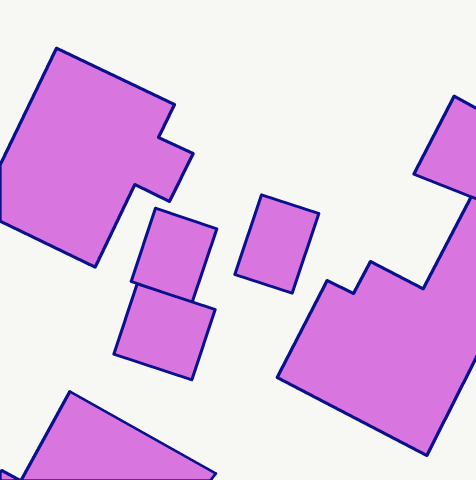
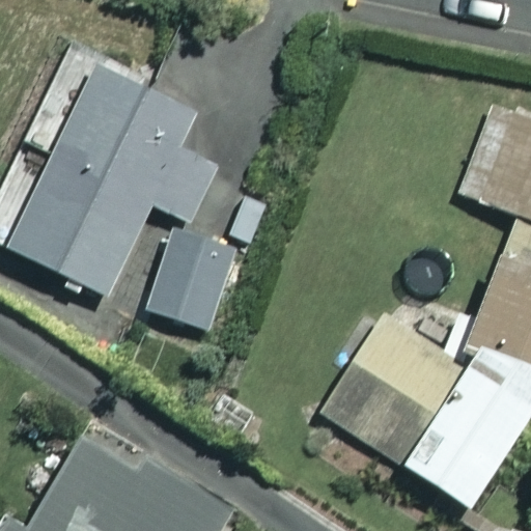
building: [235,195,319,293] -> none
building: [114,284,215,380] -> none

